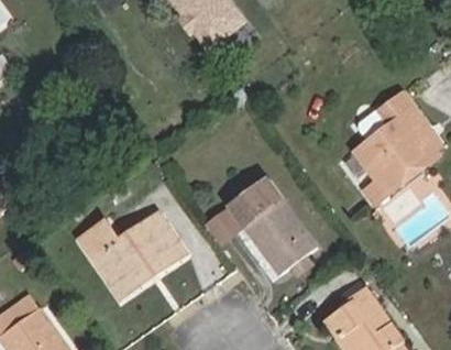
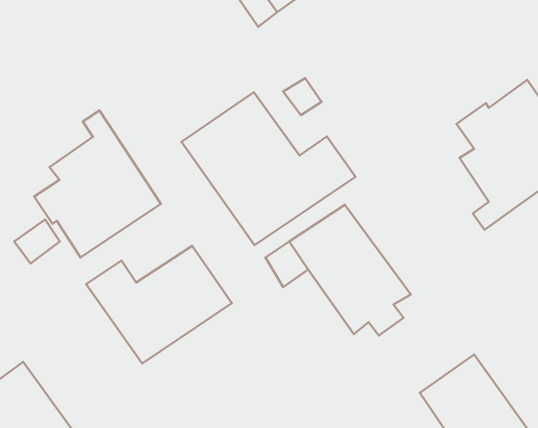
building: none -> [182,92,356,245]
building: none -> [34,111,161,258]

